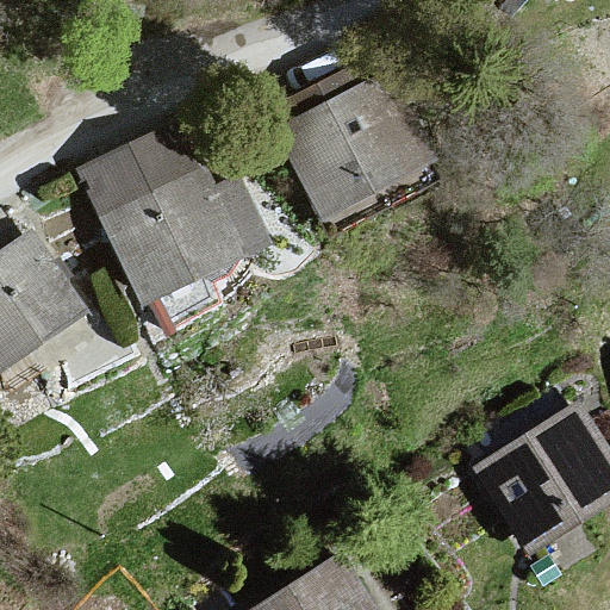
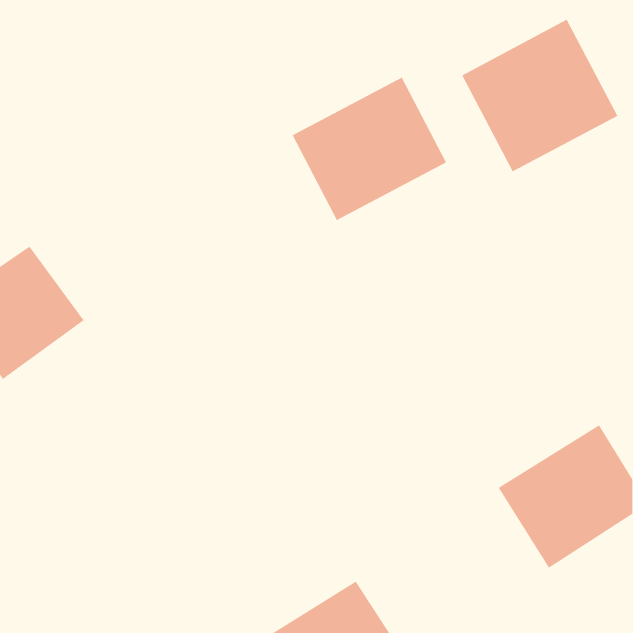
building: none -> [461,19,618,172]
building: [82,126,262,298] -> none

